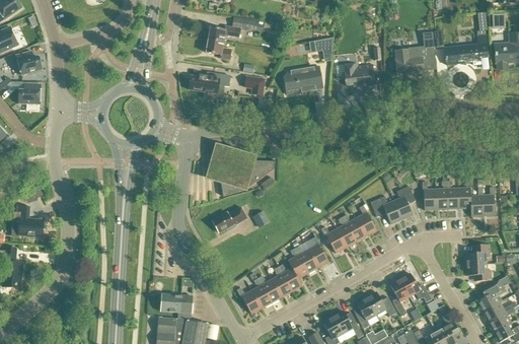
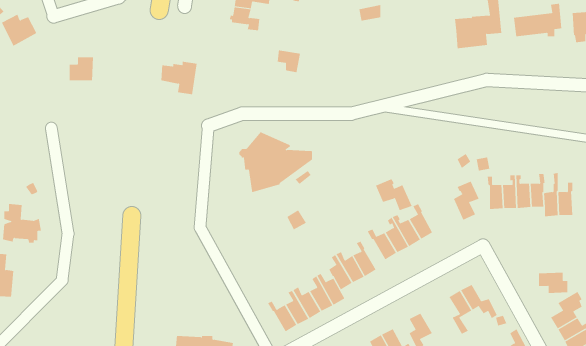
building: [344,63,375,85] -> none
building: [281,65,323,94] -> none
building: [189,72,220,100] -> [160,61,198,95]
building: [19,83,41,104] -> [69,57,94,81]
building: [370,196,401,223] -> [375,178,412,211]
building: [212,206,247,232] -> none
building: [464,244,490,264] -> none
building: [366,291,396,317] -> none
building: [159,293,192,317] -> none

